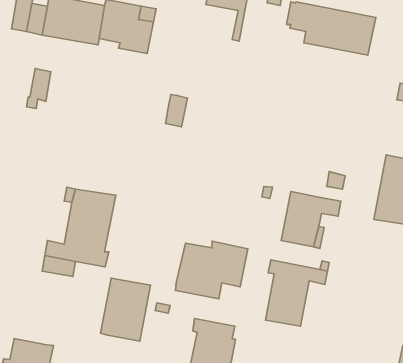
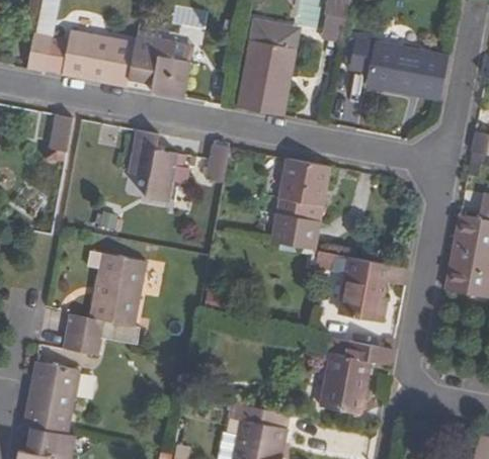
building: none -> [238,40,290,116]
building: none -> [127,129,187,202]
building: none -> [271,159,328,250]
building: [176,241,248,299] -> none
building: [101,278,151,341] -> [21,361,79,434]

